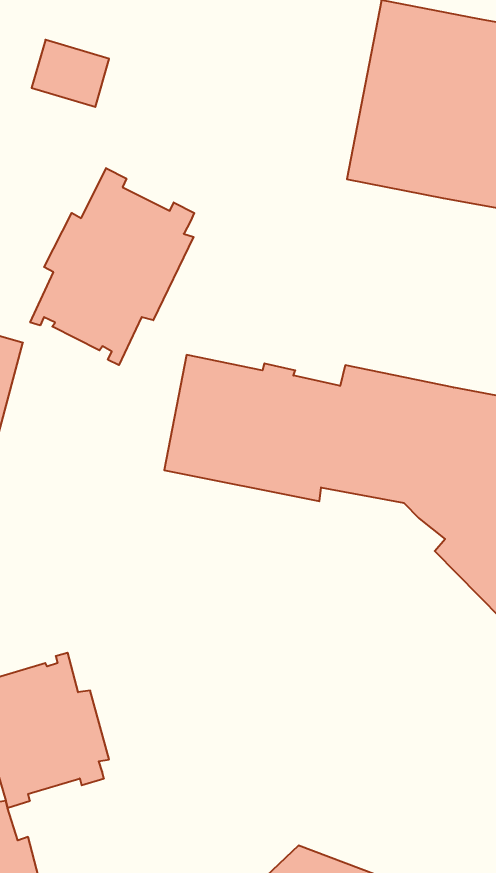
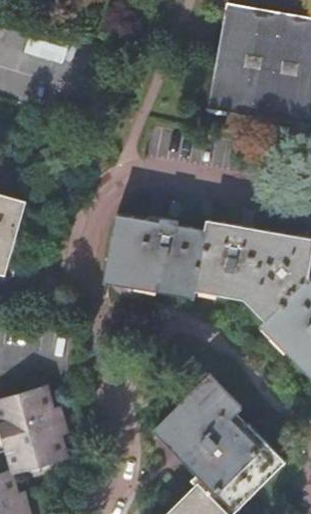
building: [30,168,194,365] -> none
building: none -> [152,375,283,507]

